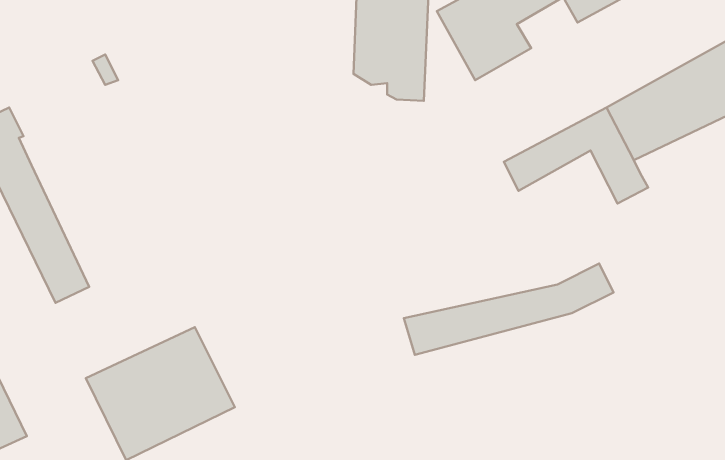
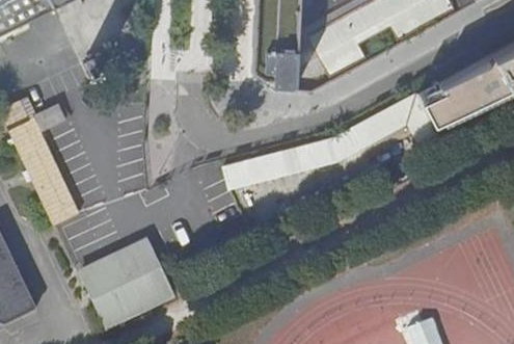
building: [404,264,613,355] -> [221,131,357,190]

